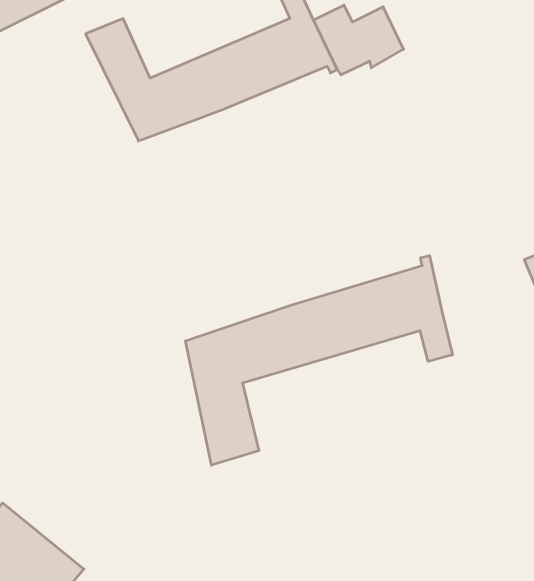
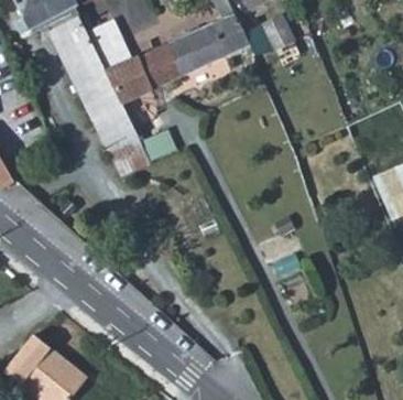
building: none -> [47,17,146,162]
building: [186,256,452,465] -> none

